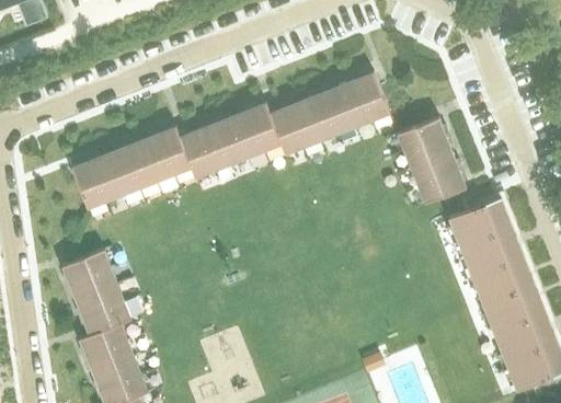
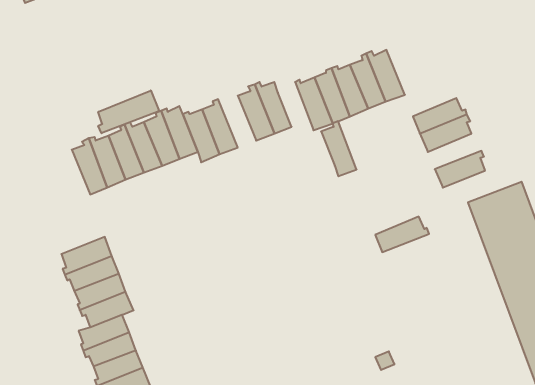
building: [268,103,302,156] -> [321,121,357,176]
building: none -> [98,90,159,133]
building: [211,116,248,165] -> none
building: [412,152,463,186] -> [375,217,429,252]

